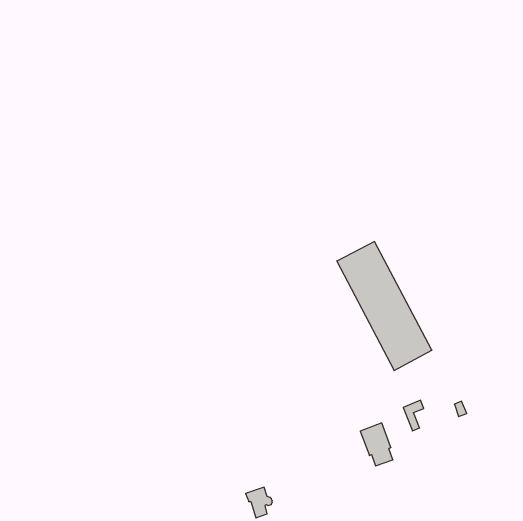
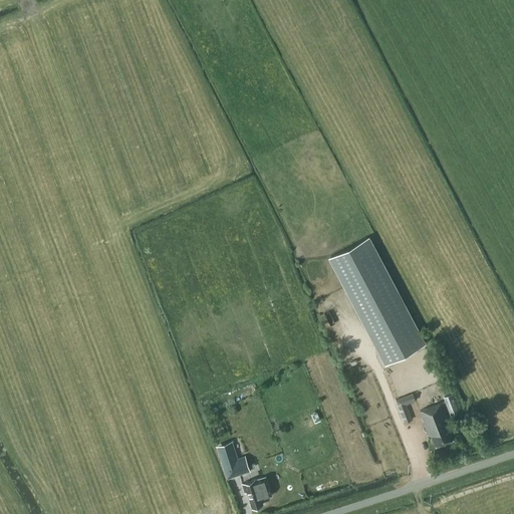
building: [360,423,393,466] -> [422,405,454,447]
building: none -> [215,442,250,481]

